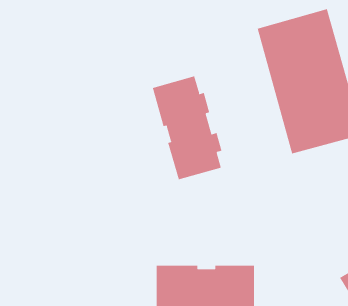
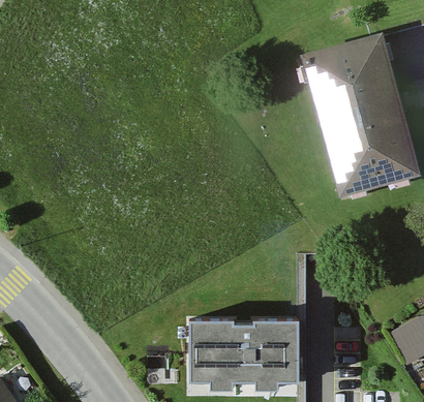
building: [152,76,222,180] -> none

